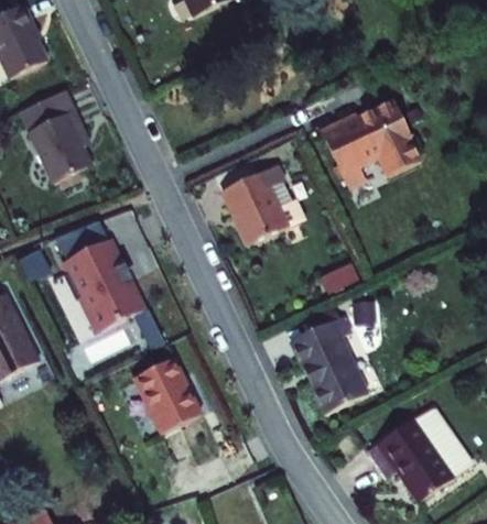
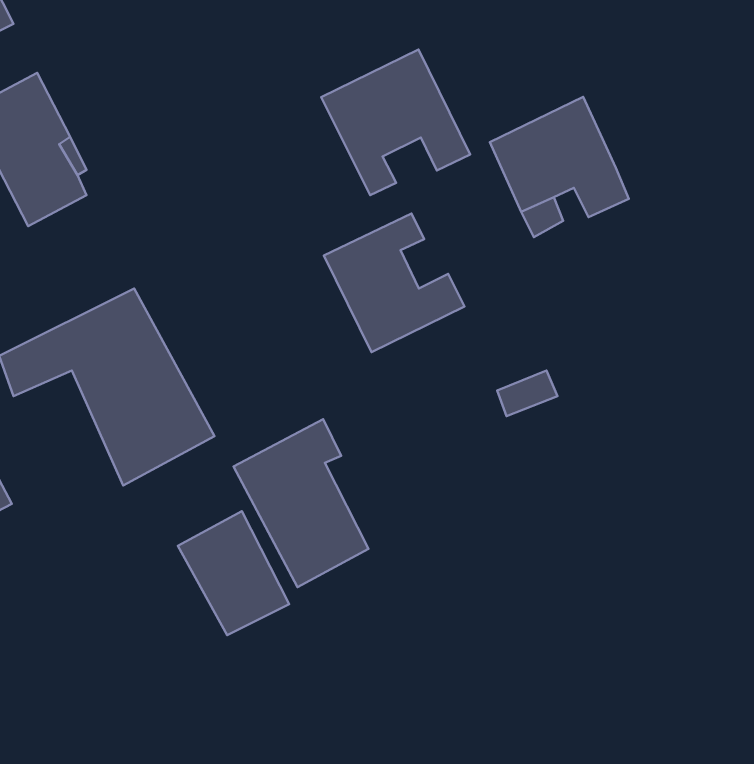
building: none -> [321,49,470,195]
building: [291,310,372,412] -> [234,419,369,587]
building: [372,413,462,498] -> none

